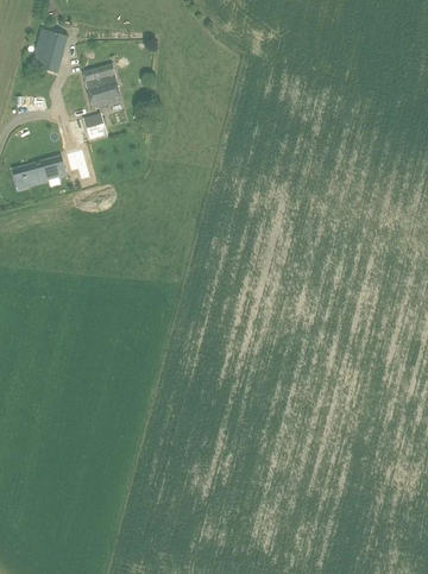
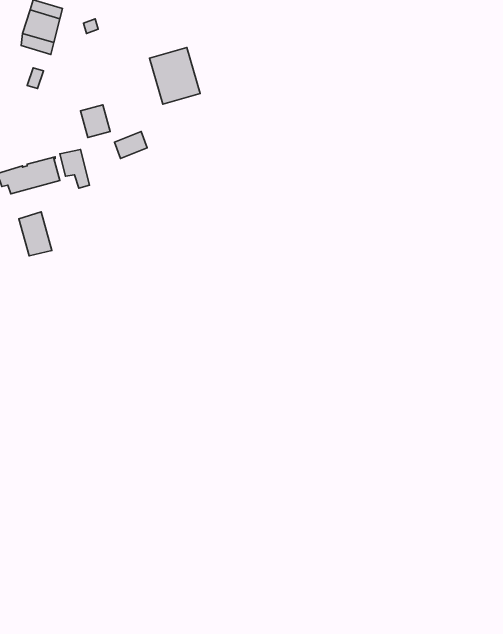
building: [81,63,121,108] -> [150,48,200,104]
building: none -> [19,212,52,256]

